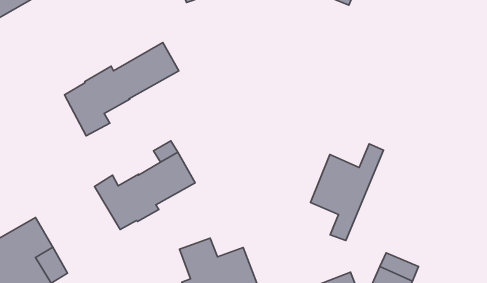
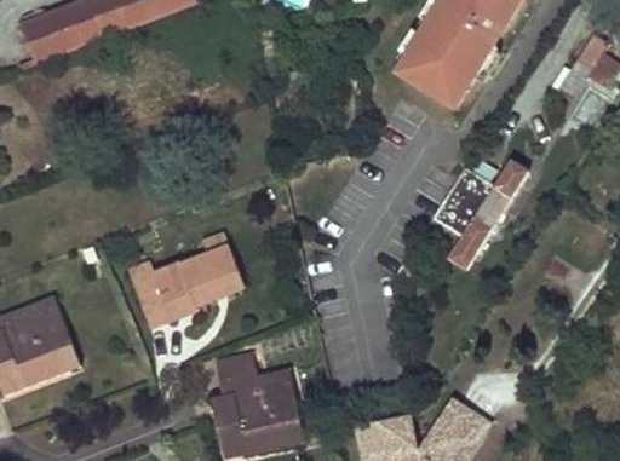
building: [64,42,179,136] -> none
building: [310,144,384,241] -> [434,161,528,269]

